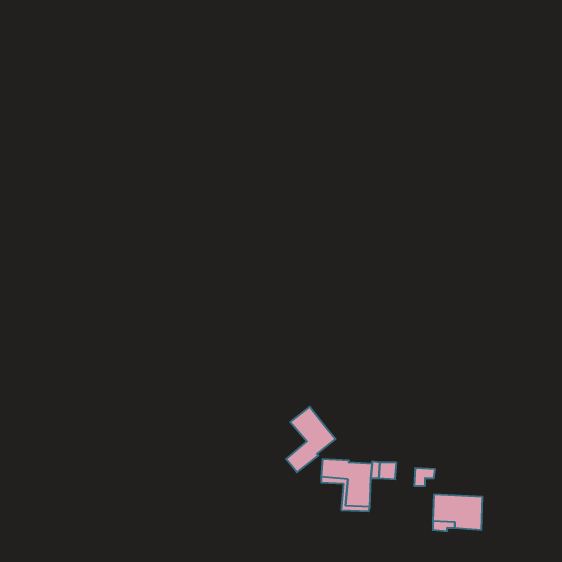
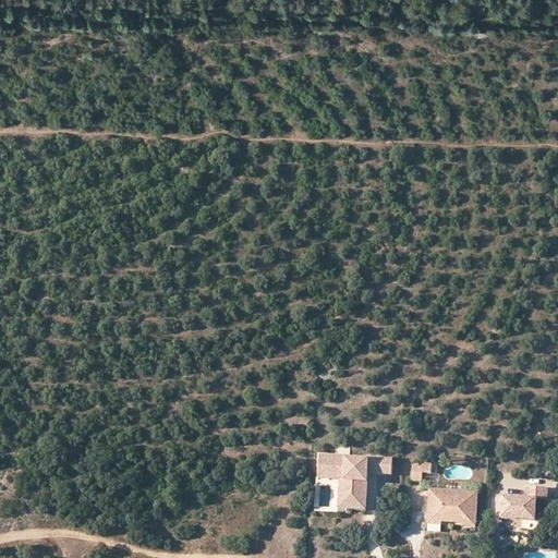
building: [286,407,336,472] -> none
building: none -> [499,486,545,519]

